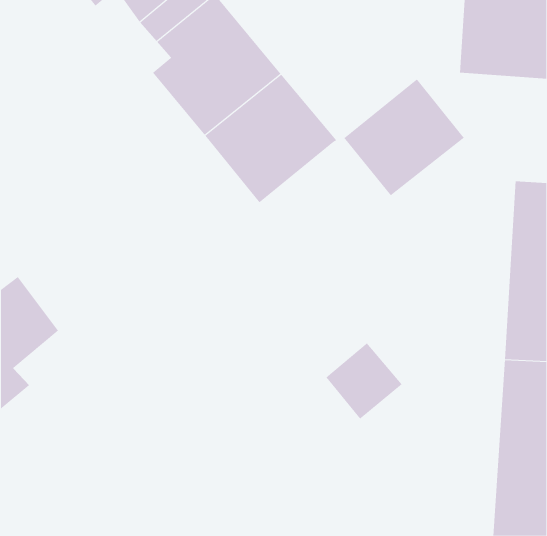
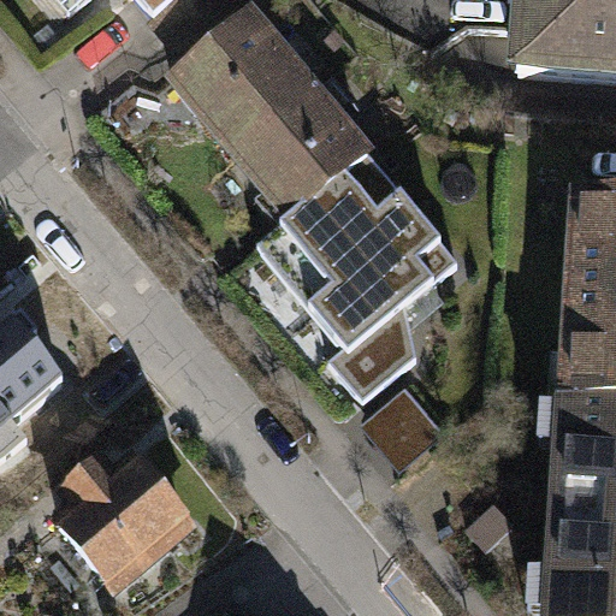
building: [343,78,465,196] -> none
building: none -> [265,160,464,403]
building: none -> [48,442,195,586]

